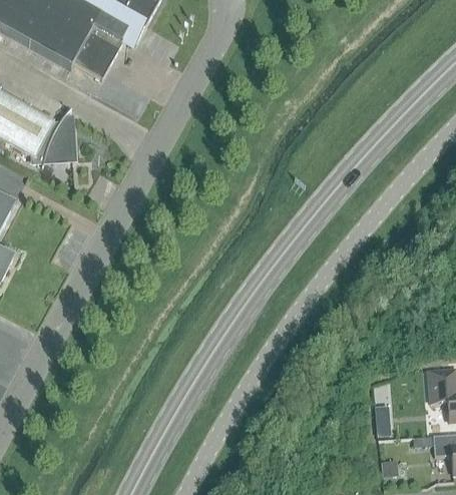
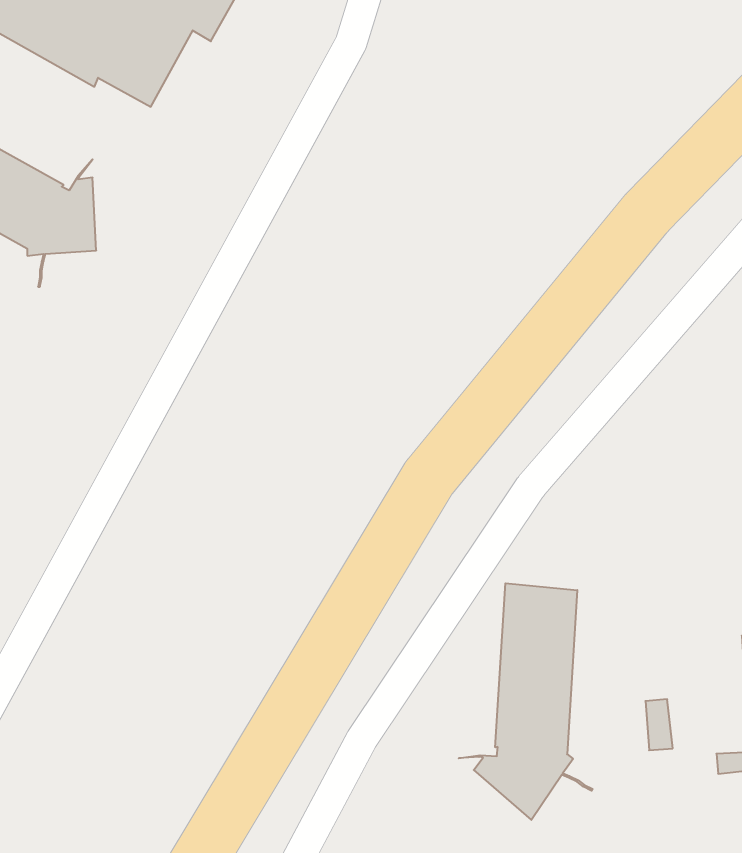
building: none -> [459,583,593,820]

